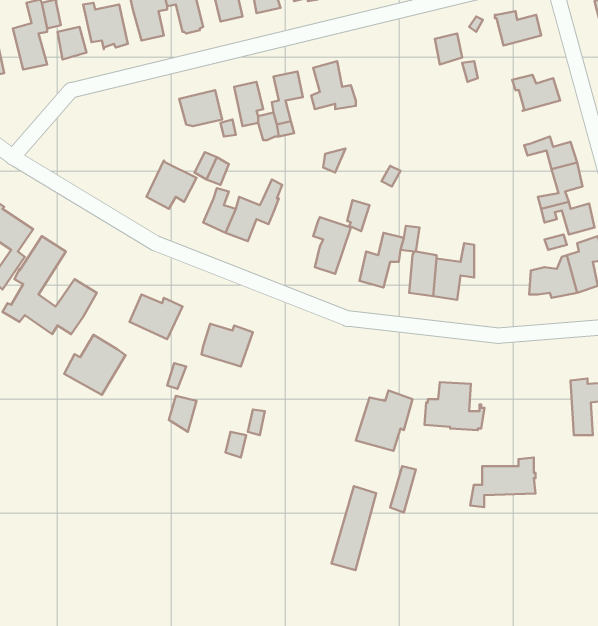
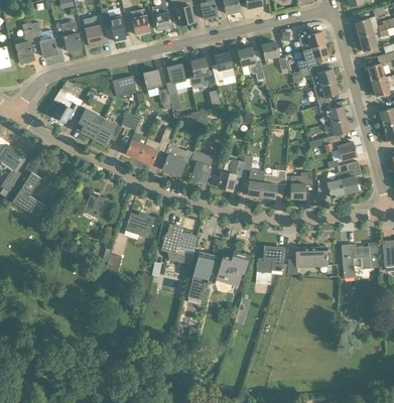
building: none -> [302,43,329,70]
building: none -> [238,47,264,81]
building: none -> [212,52,235,82]
building: none -> [313,82,339,107]
building: none -> [52,89,80,123]
building: none -> [79,109,103,138]
building: none -> [163,147,193,175]
building: none -> [285,172,312,198]
building: [64,335,126,395] -> none
building: none -> [160,224,194,266]
building: [470,458,535,507] -> [289,246,327,275]
building: [331,486,376,570] -> [187,252,214,301]

